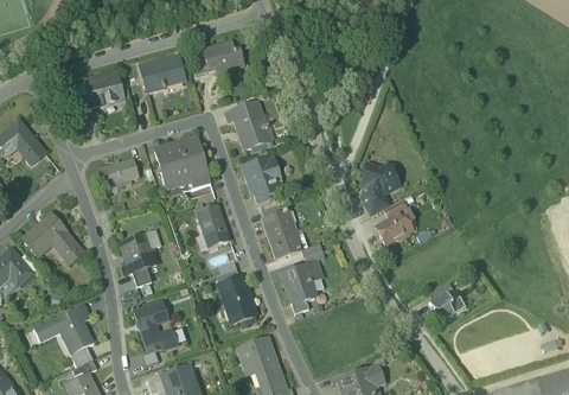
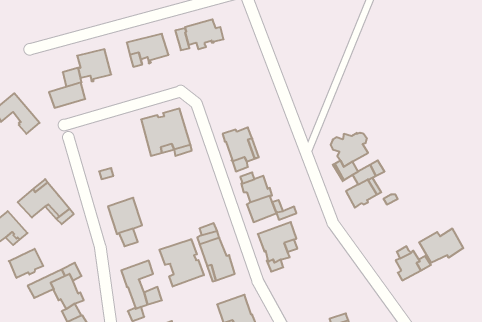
building: [225,101,275,148] -> none
building: [100,158,139,185] -> [49,82,85,108]
building: [196,204,230,247] -> none
building: none -> [419,228,463,263]
building: none -> [159,239,204,287]
building: none -> [9,249,43,278]

